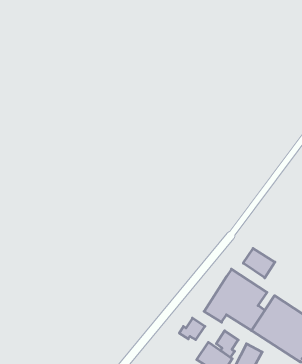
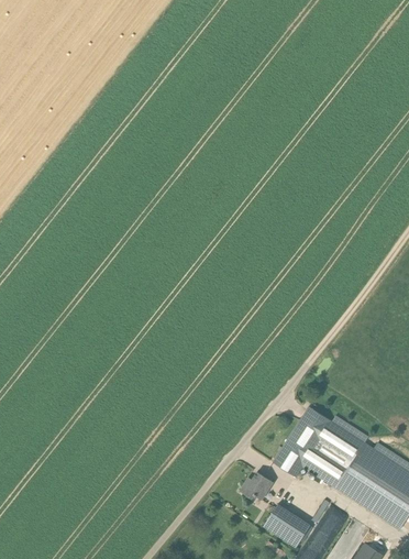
building: [243,248,275,278] -> none
building: [216,331,238,357] -> none

